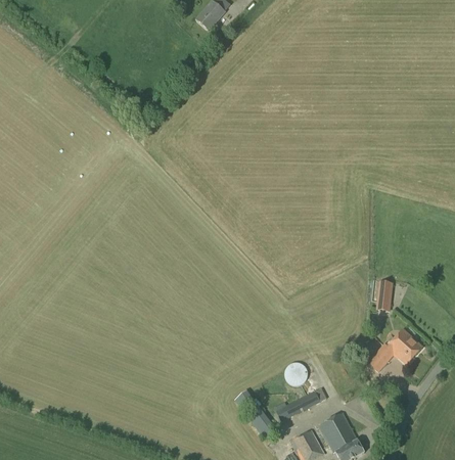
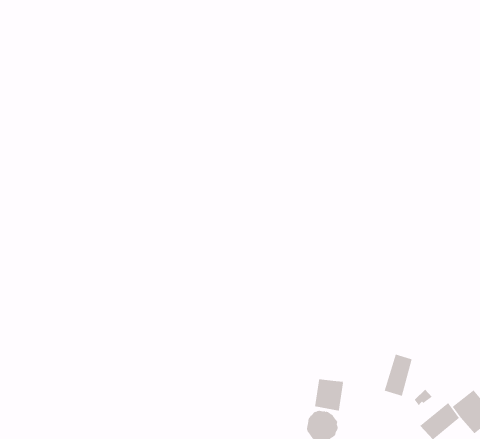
building: [376,280,394,311] -> [384,354,412,397]
building: none -> [314,378,344,411]

